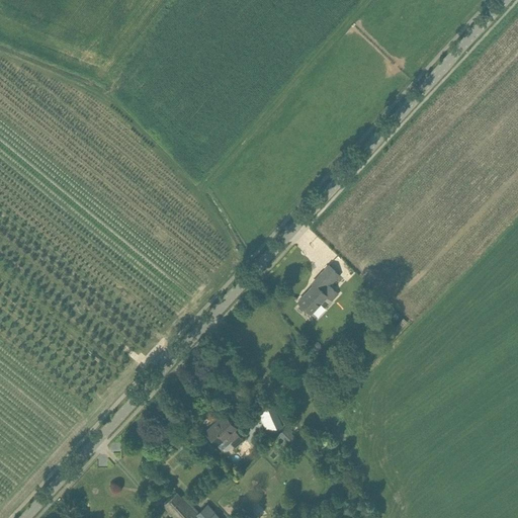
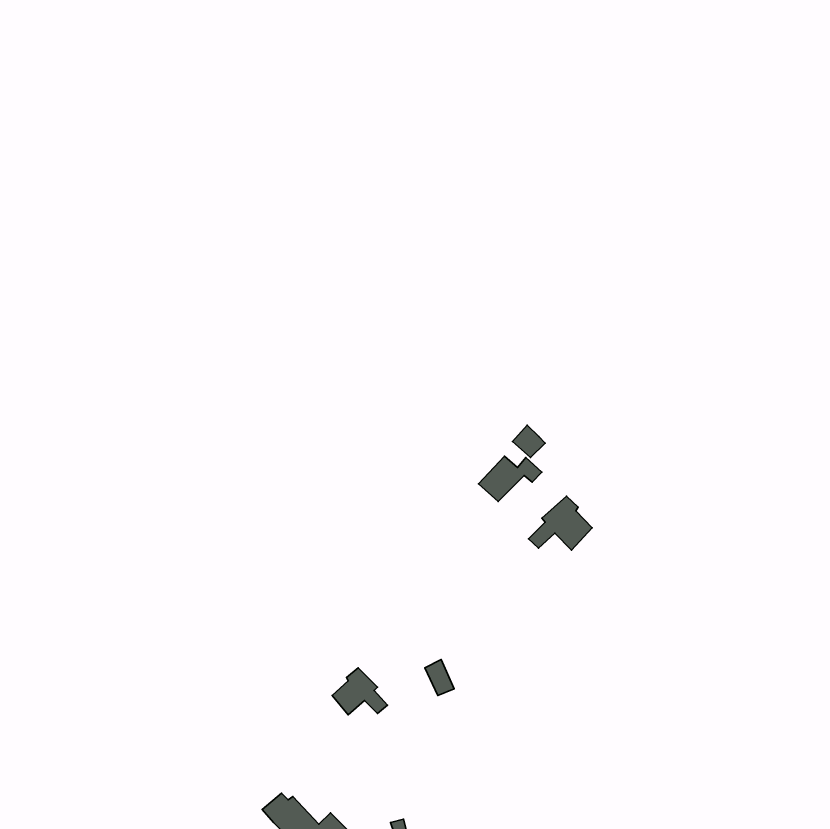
building: none -> [529,496,592,550]

